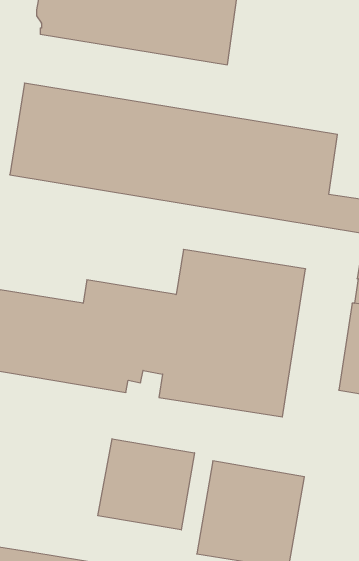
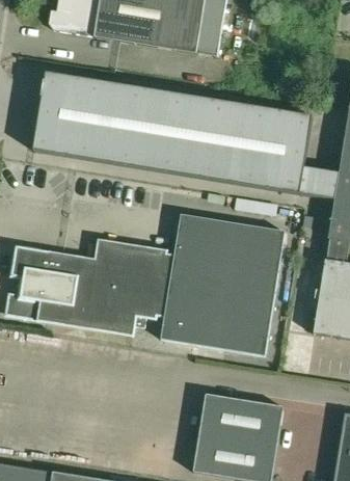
building: [98,439,194,530] -> none

